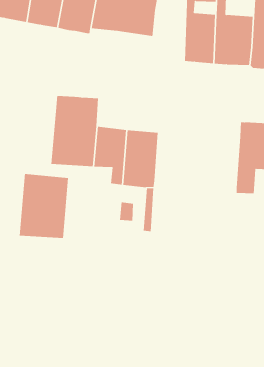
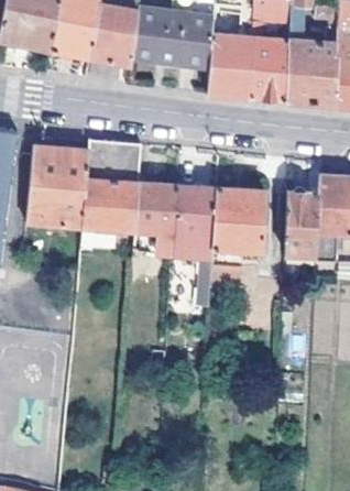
building: none -> [207,34,250,98]
building: none -> [211,187,263,250]
building: none -> [285,192,317,257]
building: [19,174,69,239] -> [24,145,87,227]

